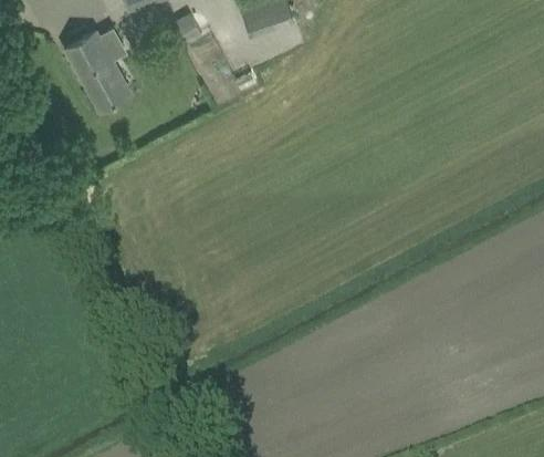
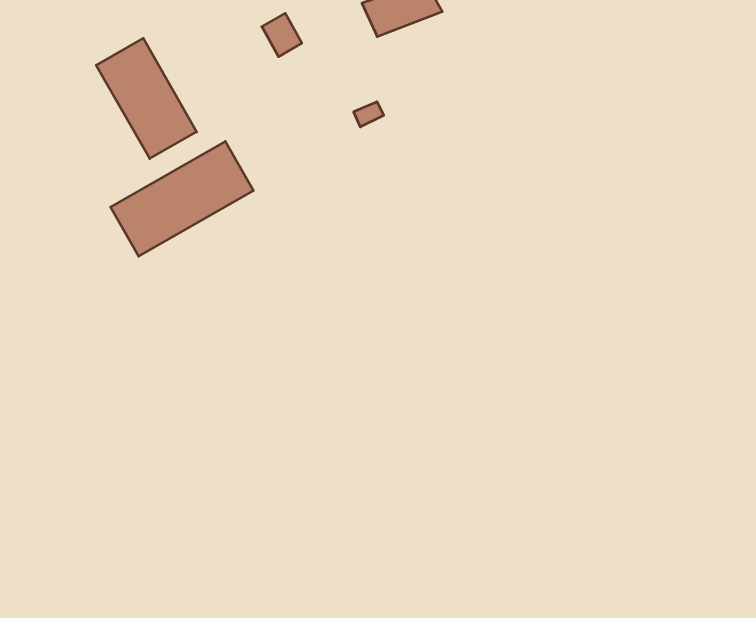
building: none -> [111,141,253,256]

